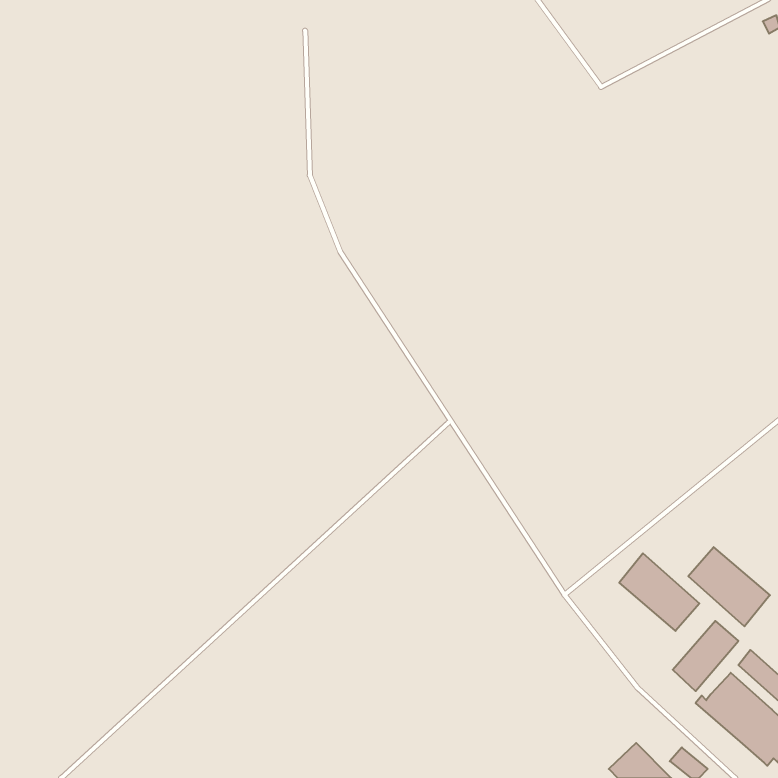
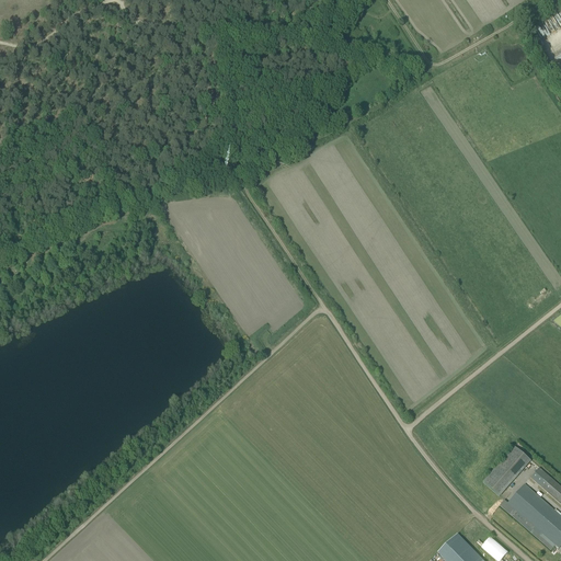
building: [688,547,770,626] -> none
building: [619,553,699,631] -> none

